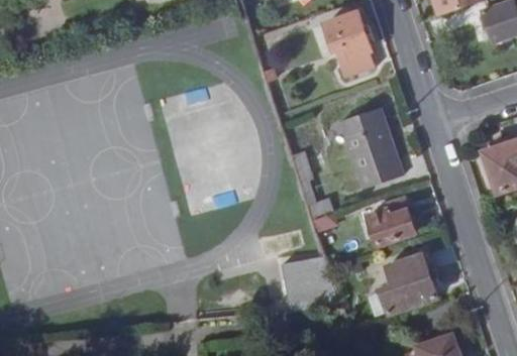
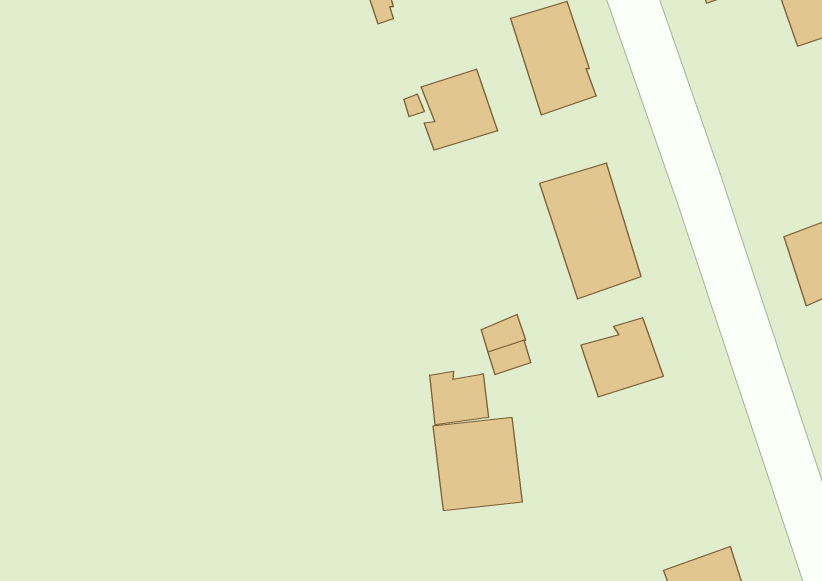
building: none -> [421,69,498,150]
building: none -> [430,371,488,425]
building: [381,255,437,314] -> none

